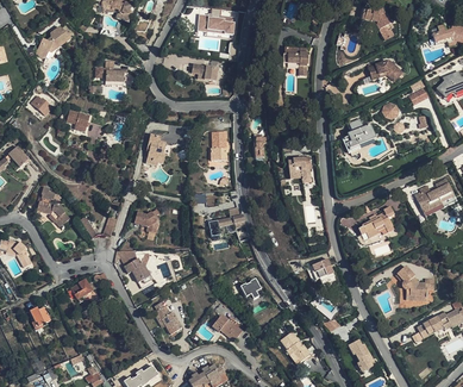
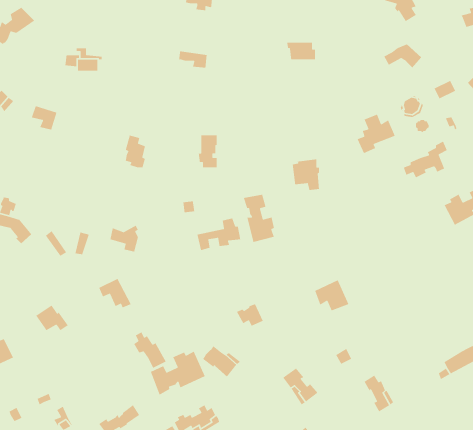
building: none -> [243,194,275,243]
building: [357,206,395,238] -> [403,141,448,179]
building: [395,267,432,301] -> none
building: none -> [150,350,206,396]

